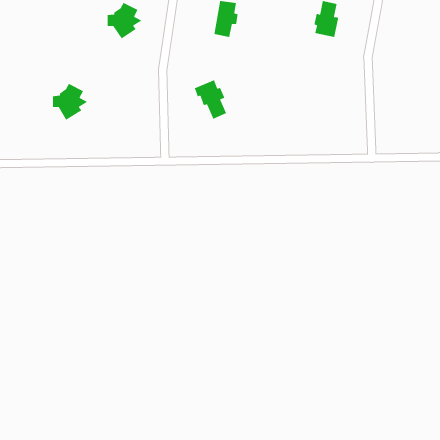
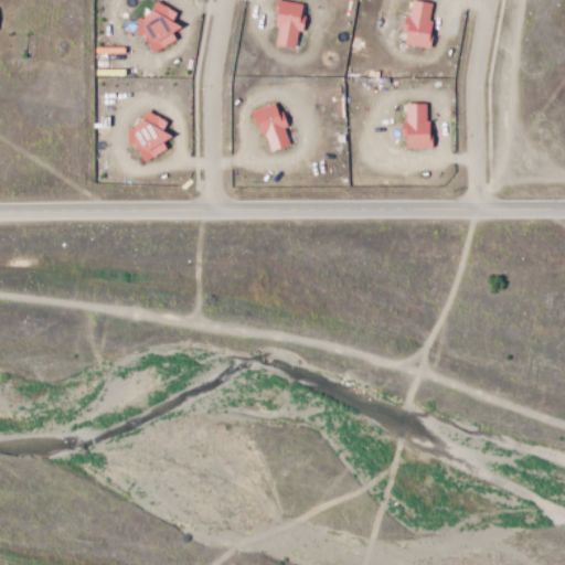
building: none -> [401,104,433,148]
building: [52,83,88,121] -> [127,113,173,161]

